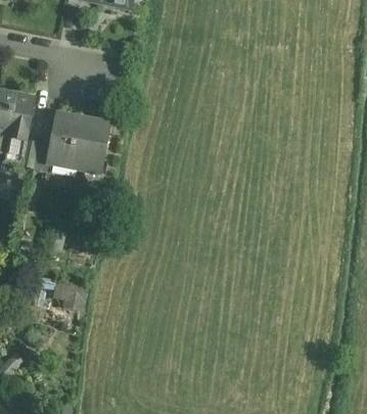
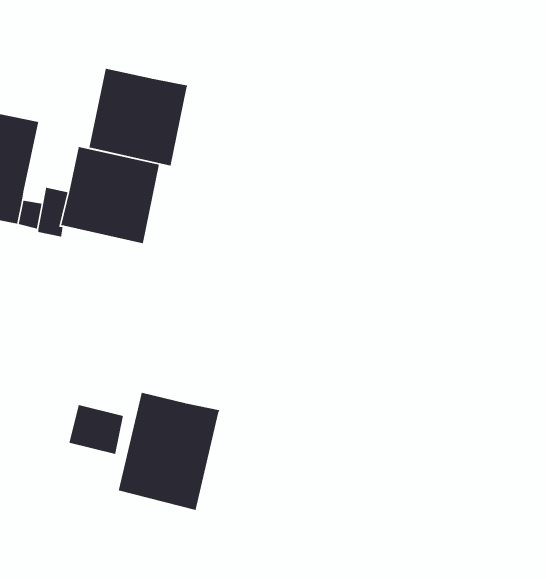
building: none -> [88,68,189,167]
building: none -> [118,392,221,511]

